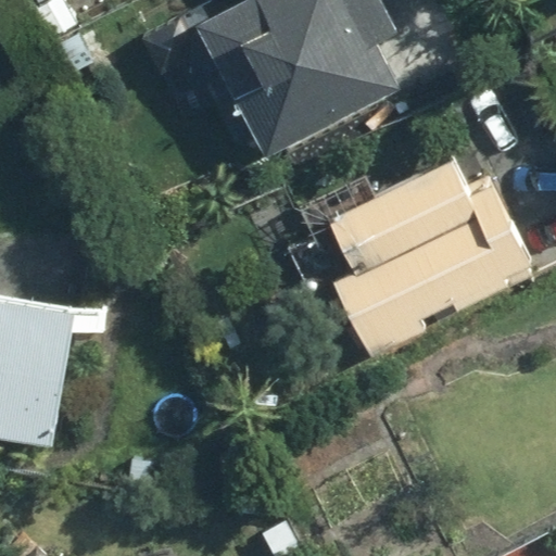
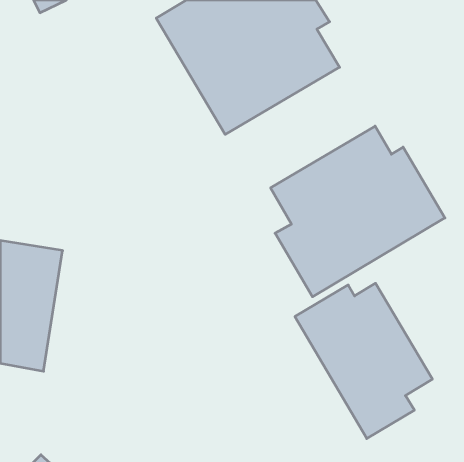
building: none -> [295,283,432,439]

